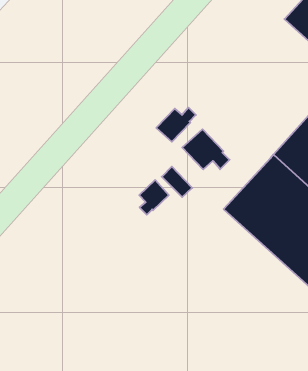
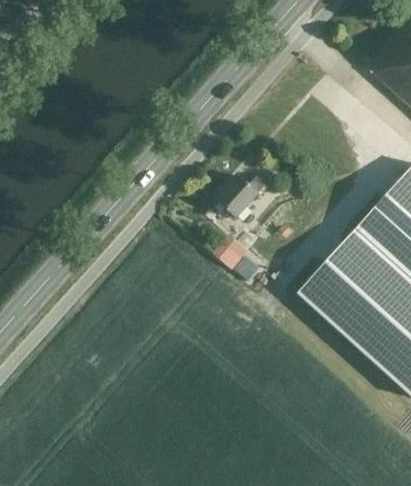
building: [182,129,230,169] -> none
building: [139,180,169,215] -> none

